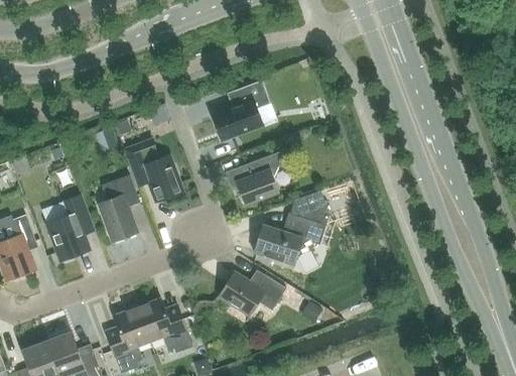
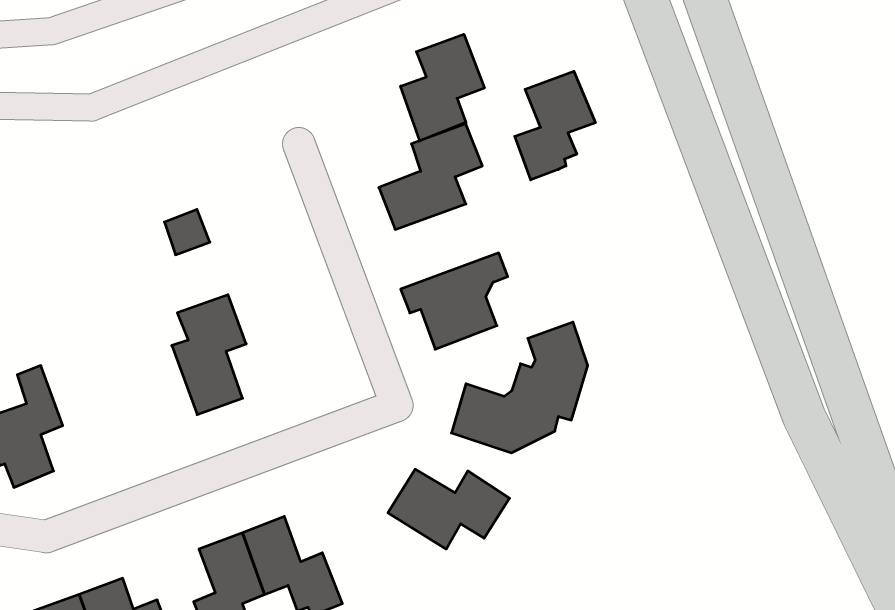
building: none -> [401,34,484,141]
building: none -> [515,71,595,180]
building: [124,139,180,203] -> none
building: [45,195,91,261] -> none

